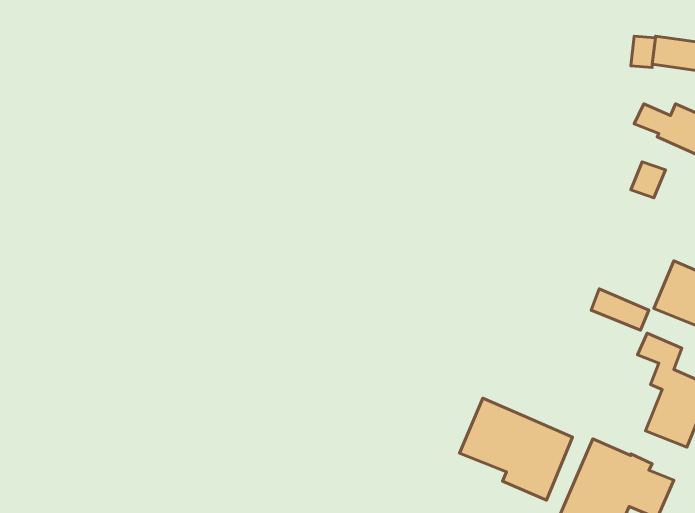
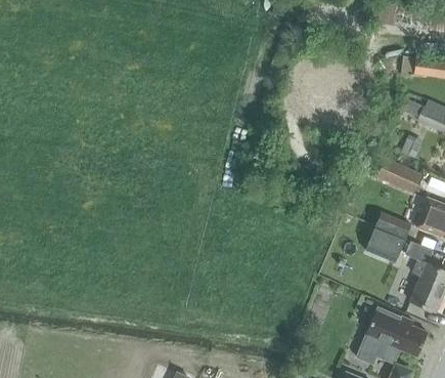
building: none -> [376,158,422,194]
building: none -> [367,228,407,263]
building: [460,398,573,500] -> none

